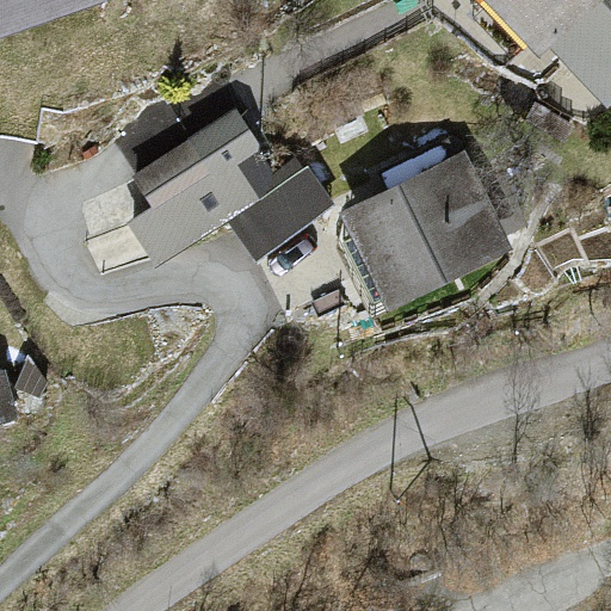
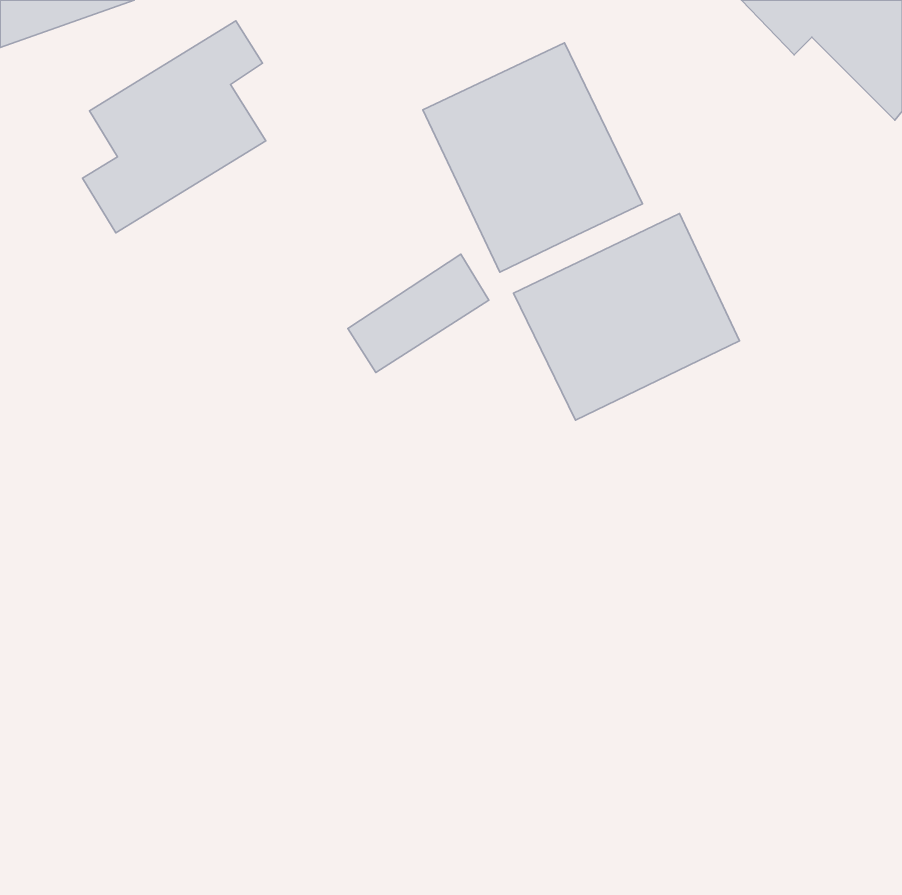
building: none -> [423,43,642,272]
building: [134,121,258,264] -> [82,21,266,233]

